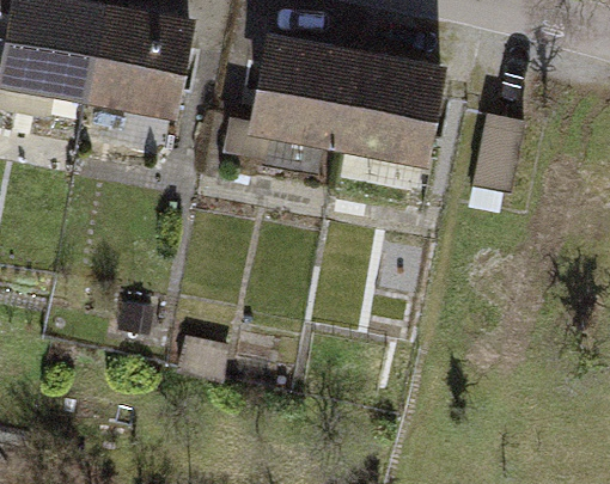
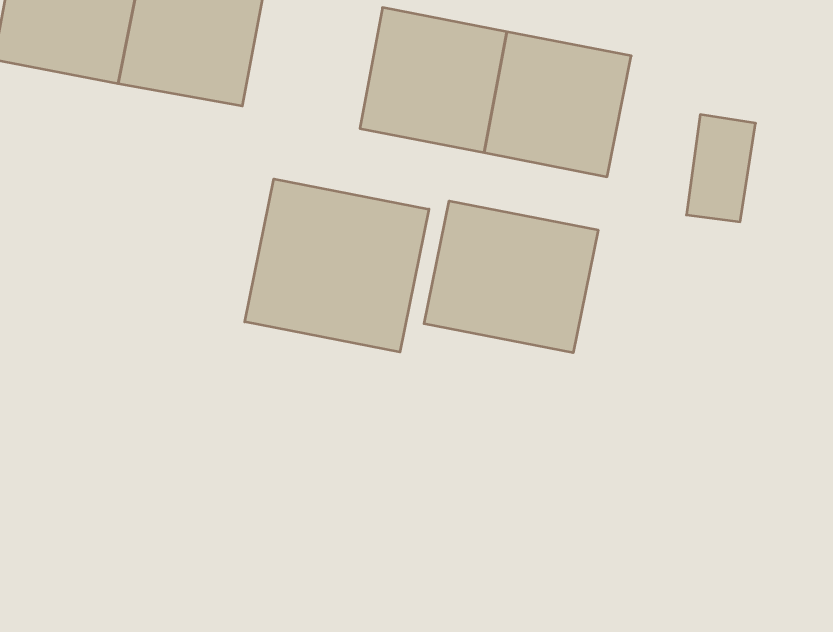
building: none -> [245,179,429,352]
building: none -> [424,201,598,353]

